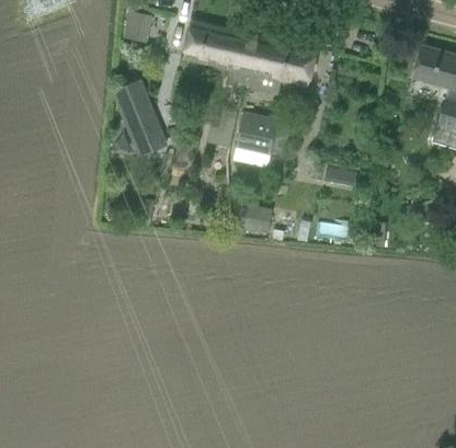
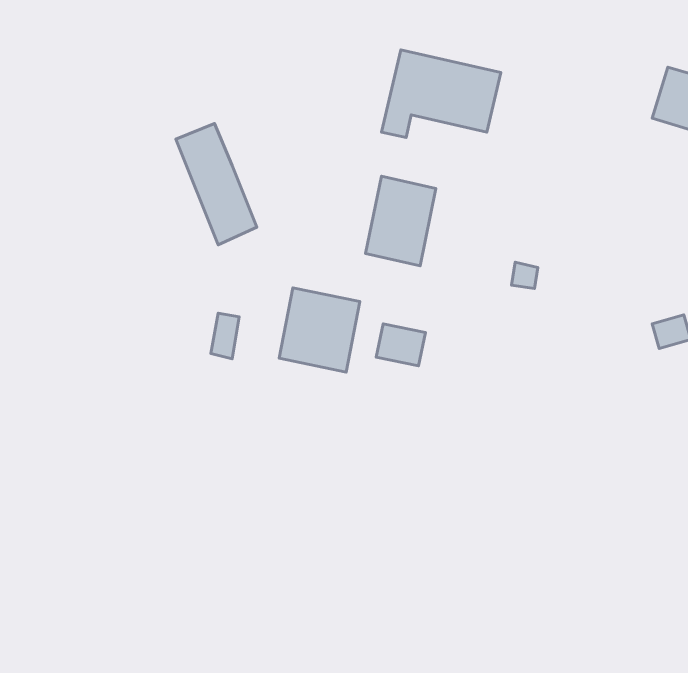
building: [123,11,151,43] -> none
building: [183,20,254,85] -> none
building: none -> [279,288,360,372]

